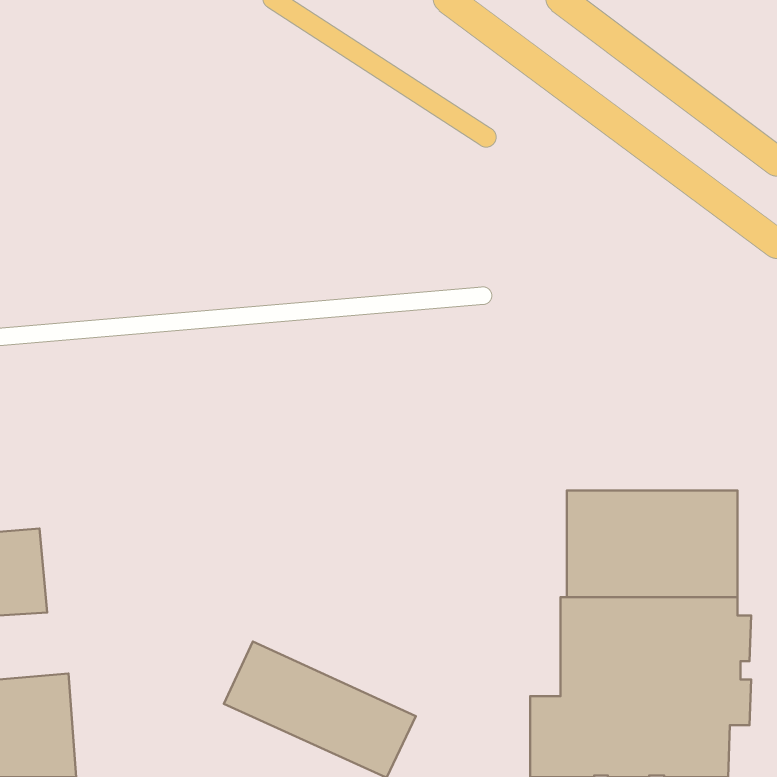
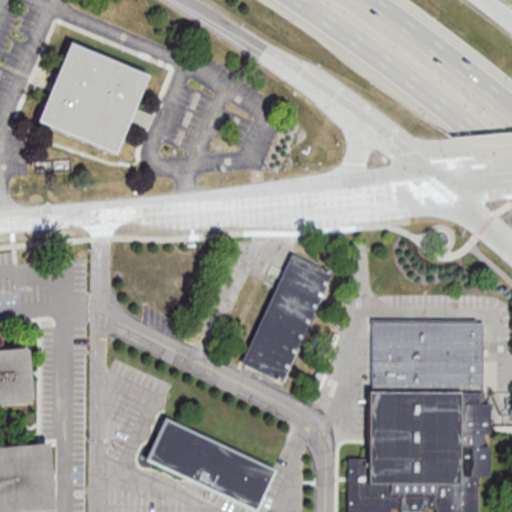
building: none -> [36,40,146,151]
building: none -> [242,256,333,385]

